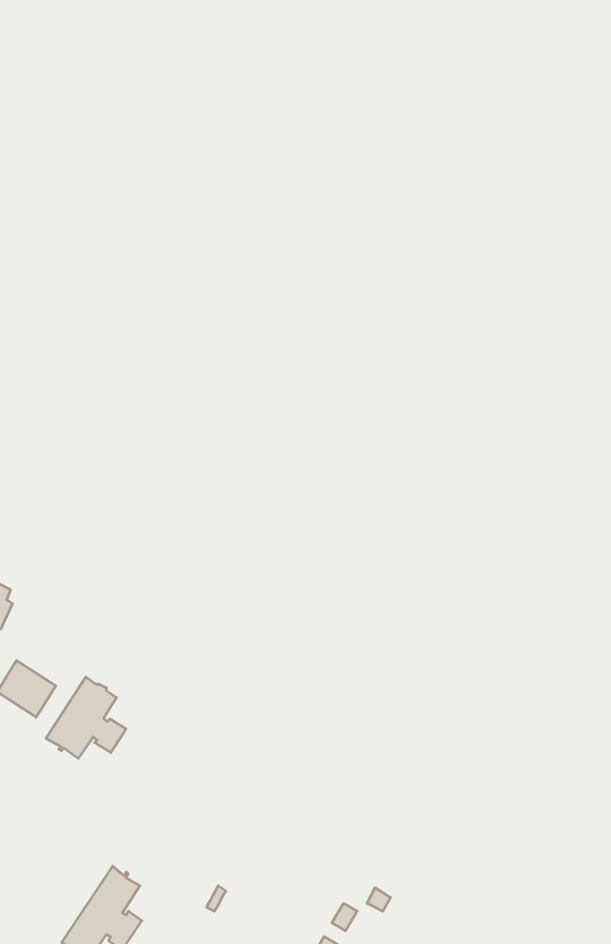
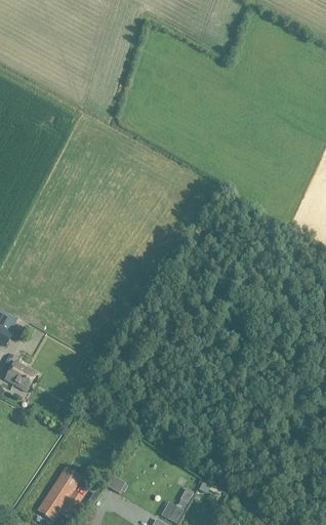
building: [46,677,126,758] -> none

